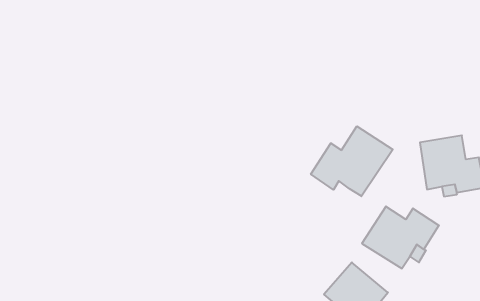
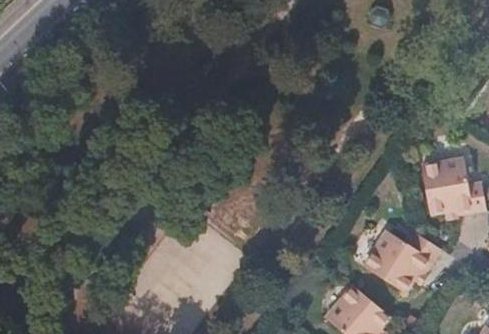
building: [311,126,393,196] -> none

